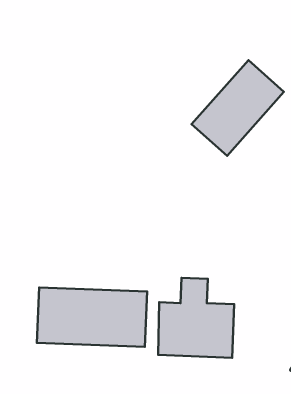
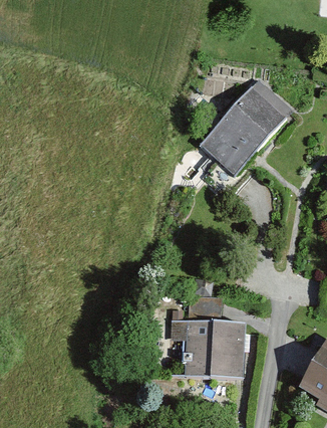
building: [37,287,147,347] -> none

